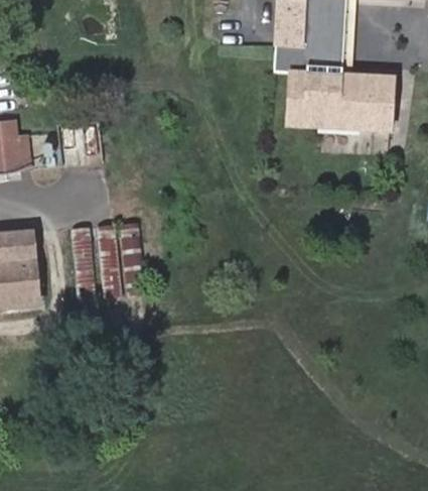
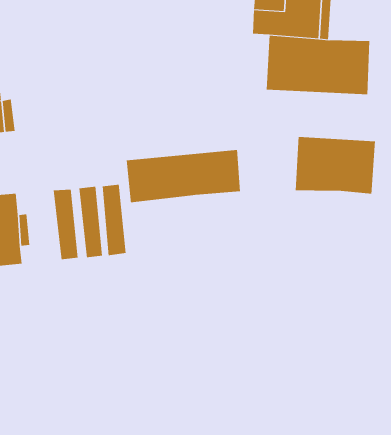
building: none -> [295,136,375,194]
building: none -> [126,149,241,203]

